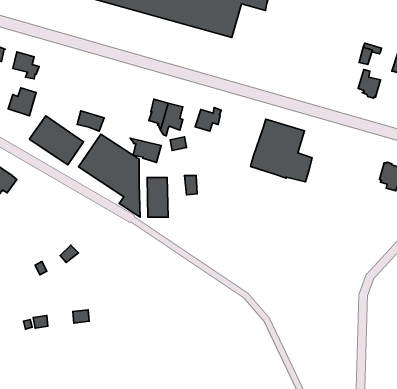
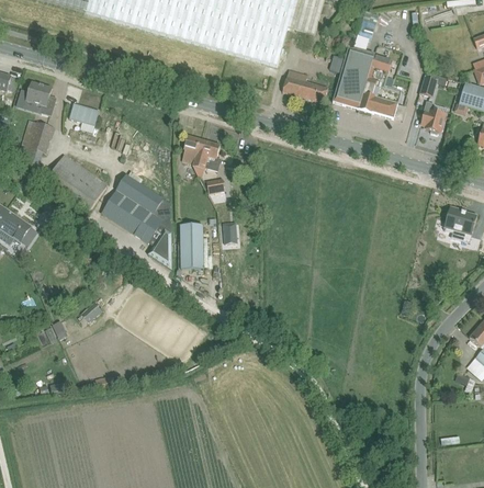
building: none -> [281,69,327,102]
building: [195,108,221,131] -> none
building: [77,111,104,131] -> [68,102,99,125]
building: [250,119,312,182] -> [330,46,401,117]
building: [130,138,161,162] -> none

